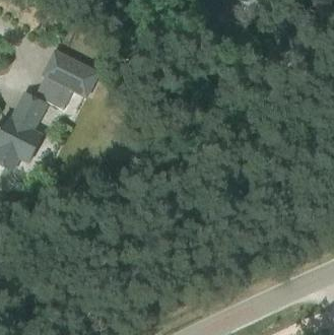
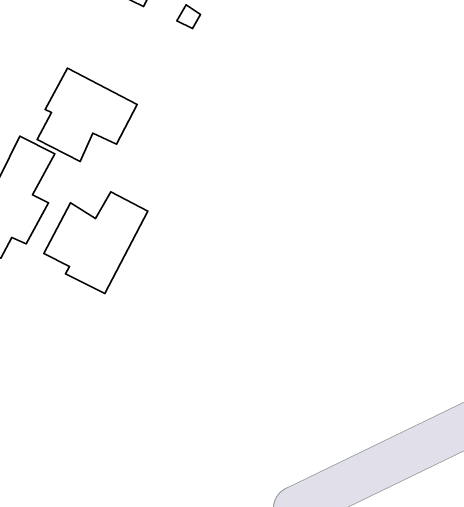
building: none -> [44,192,148,294]

